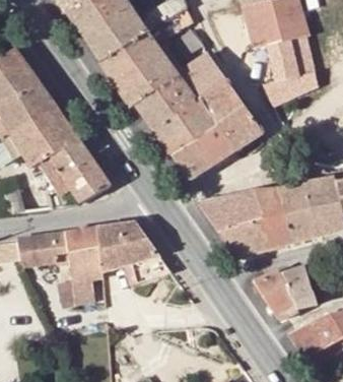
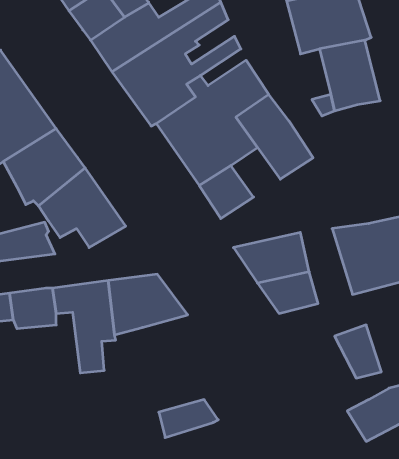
building: [196,122,235,162] -> none
building: [252,187,293,247] -> none
building: [125,256,173,286] -> [159,400,218,438]
building: [254,269,298,319] -> none

